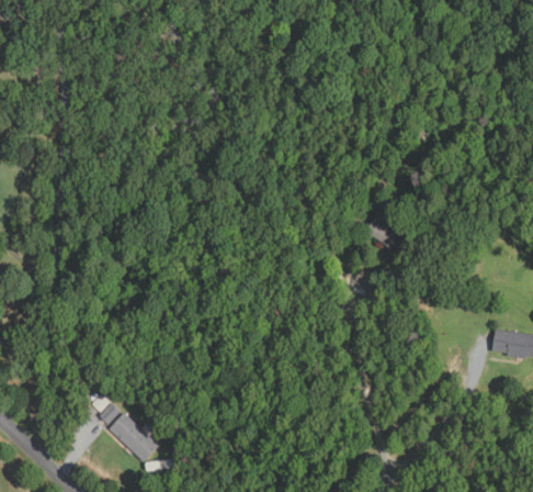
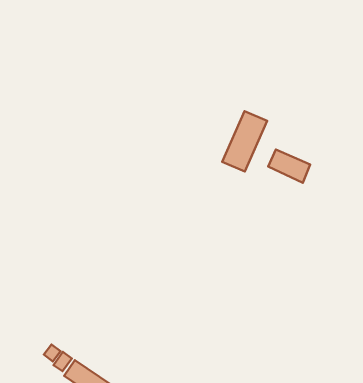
building: none -> [222,111,267,172]

